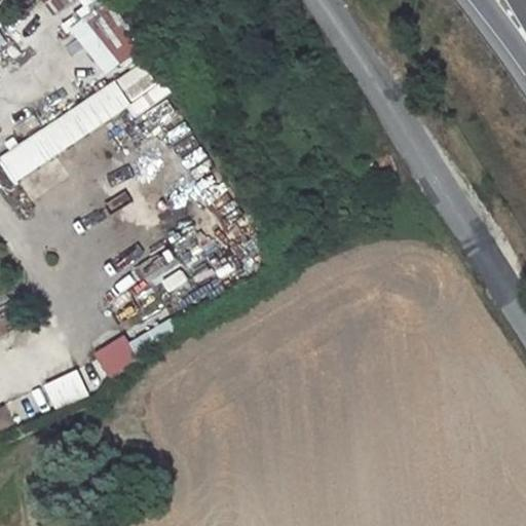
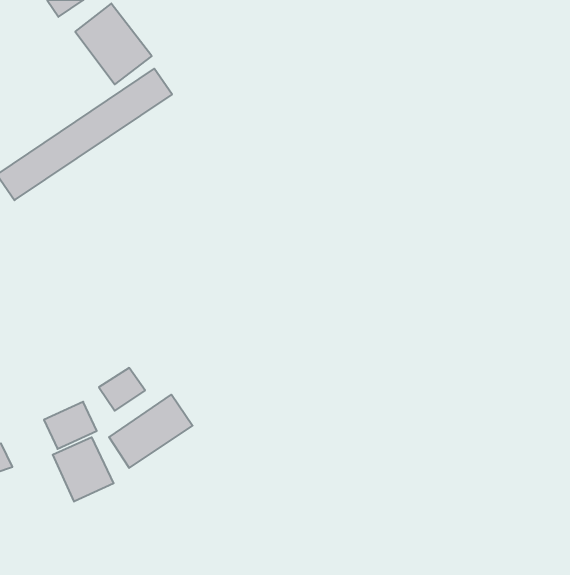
building: none -> [109,395,193,468]
building: none -> [53,437,114,502]

